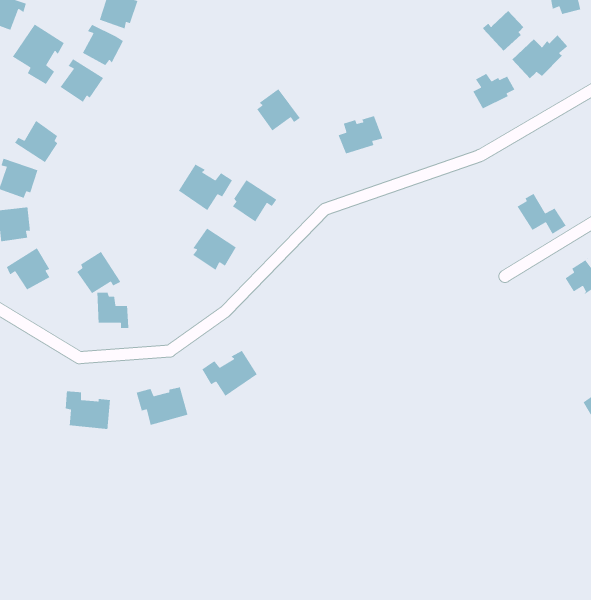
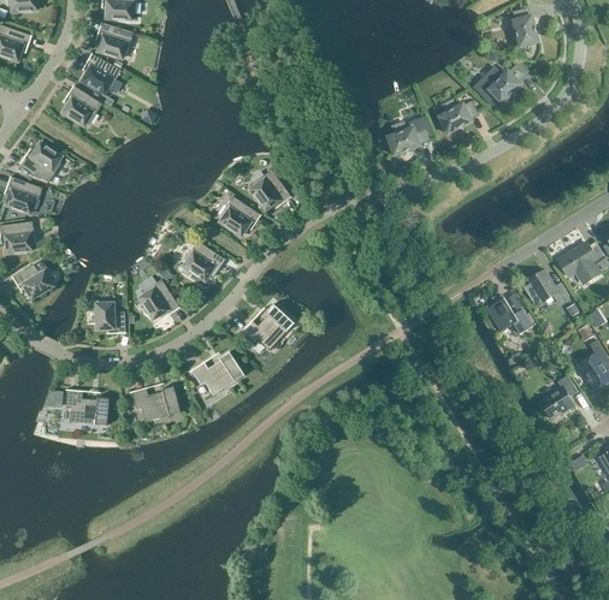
building: [481,10,524,51] -> none
building: [12,24,65,87] -> none
building: [256,88,301,131] -> [250,170,291,209]
building: [338,115,384,155] -> [388,118,430,154]
building: [178,164,235,211] -> none
building: [515,193,567,235] -> [486,295,533,333]
building: [76,251,121,294] -> [138,279,179,319]
building: none -> [240,304,294,350]

